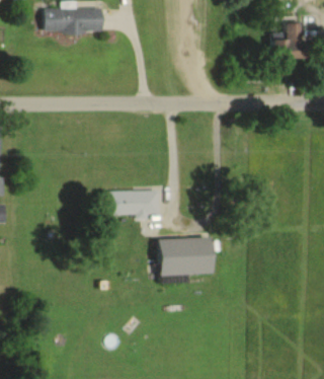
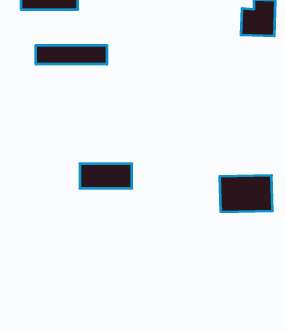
building: none -> [36,45,107,64]
building: [159,237,214,275] -> [220,175,273,212]

